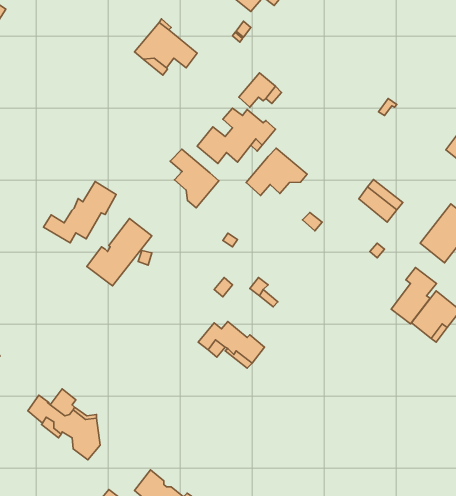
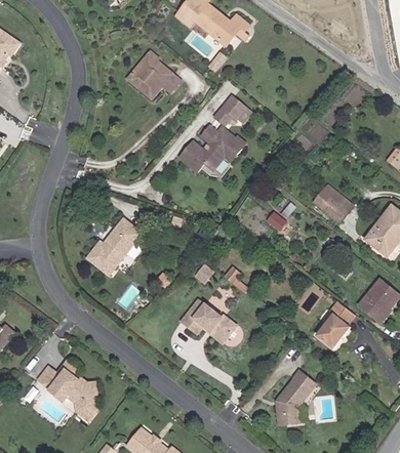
building: [246,148,307,196] -> none
building: [170,149,219,208] -> none
building: [43,181,116,243] -> none
building: [391,268,436,324] -> [317,301,355,348]
building: none -> [276,371,315,424]

